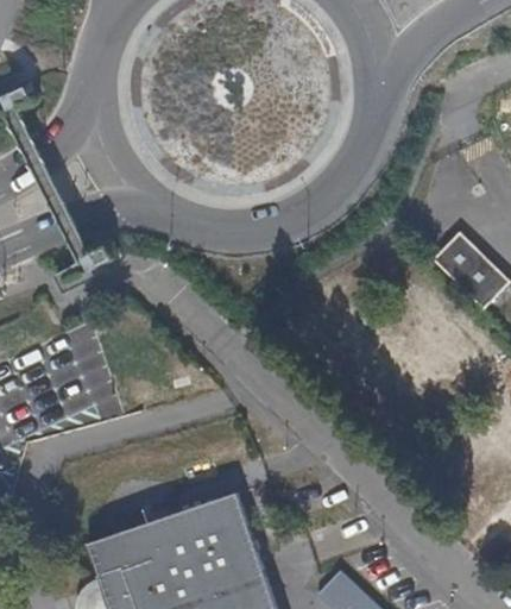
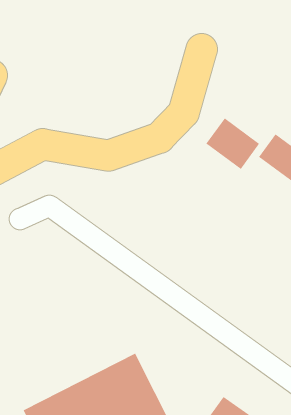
building: none -> [206,117,260,170]

